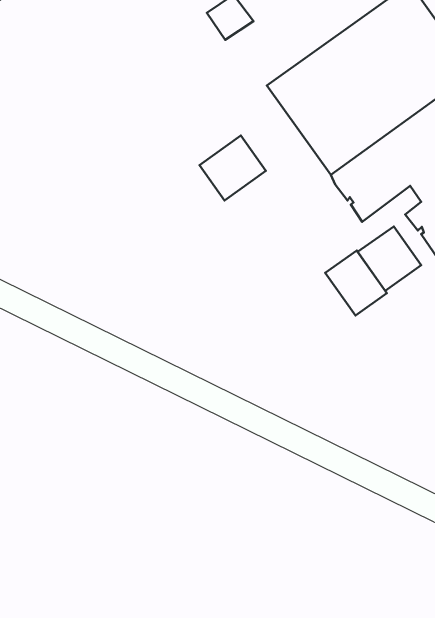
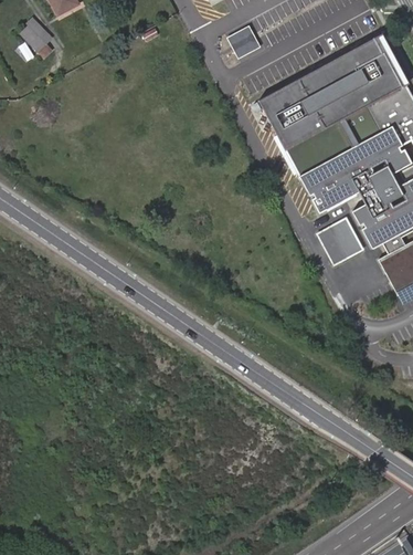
building: [199,136,266,200] -> none
building: [325,251,387,316] -> none

